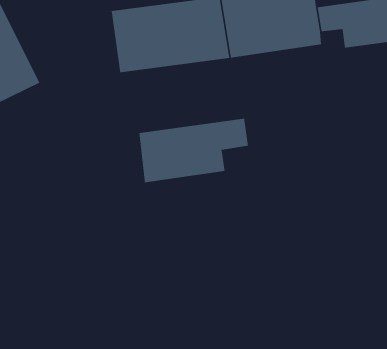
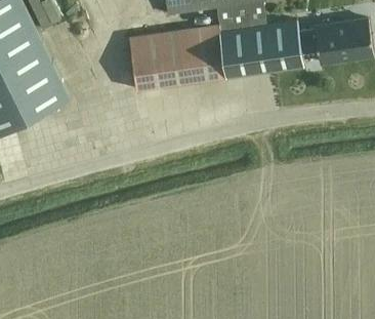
building: [139,118,248,183] -> none

